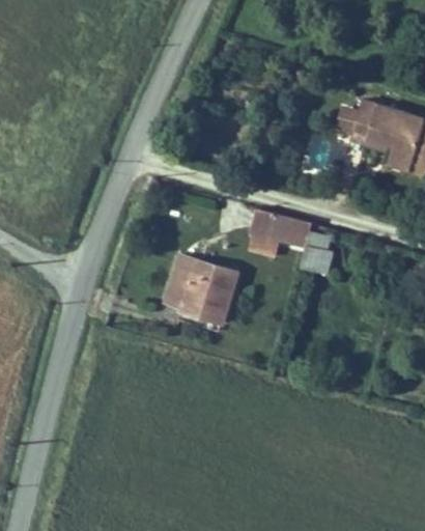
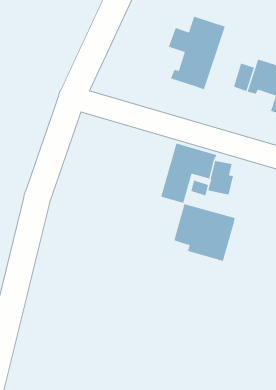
building: none -> [168,16,225,90]
building: [161,252,240,327] -> [173,203,236,262]

